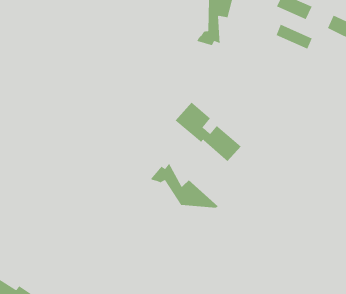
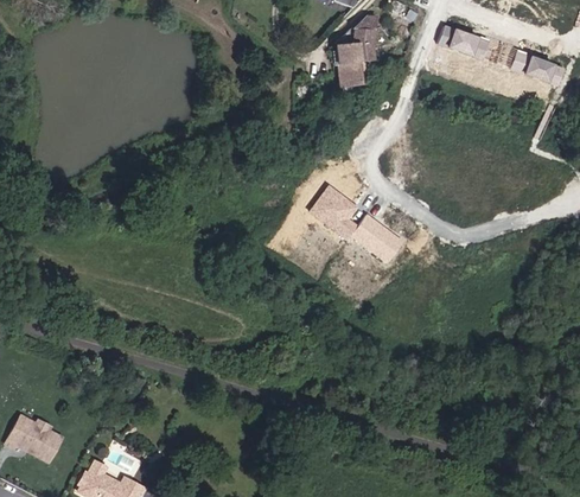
building: [276,24,312,49] -> none
building: [150,163,219,209] -> none

